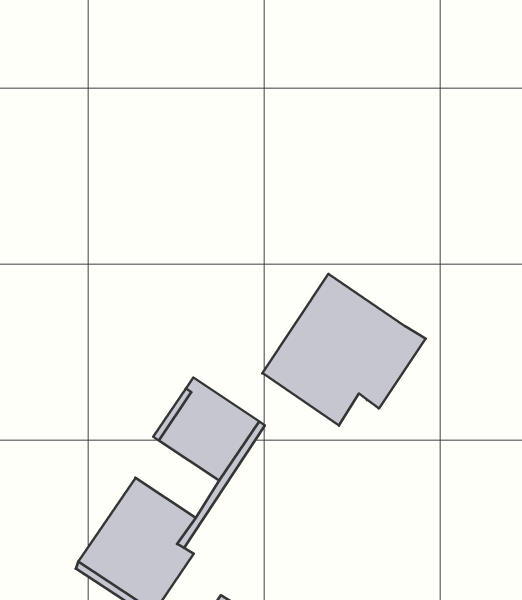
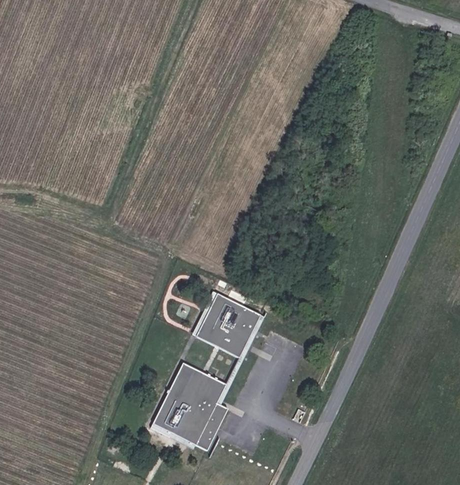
building: [262,274,426,426] -> none

